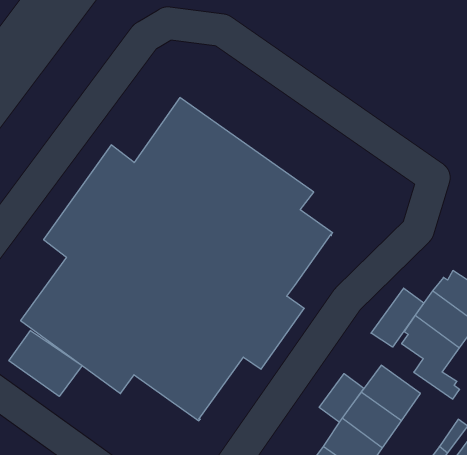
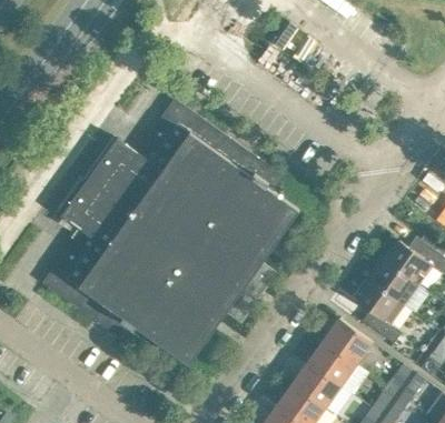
building: [371,288,424,347] -> none
building: [9,330,82,396] -> none
building: [319,374,364,422] -> none

